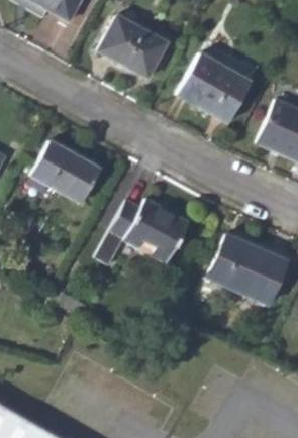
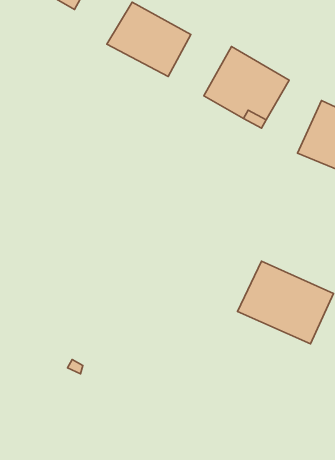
building: [31,141,100,203] -> none
building: [95,200,188,265] -> none

